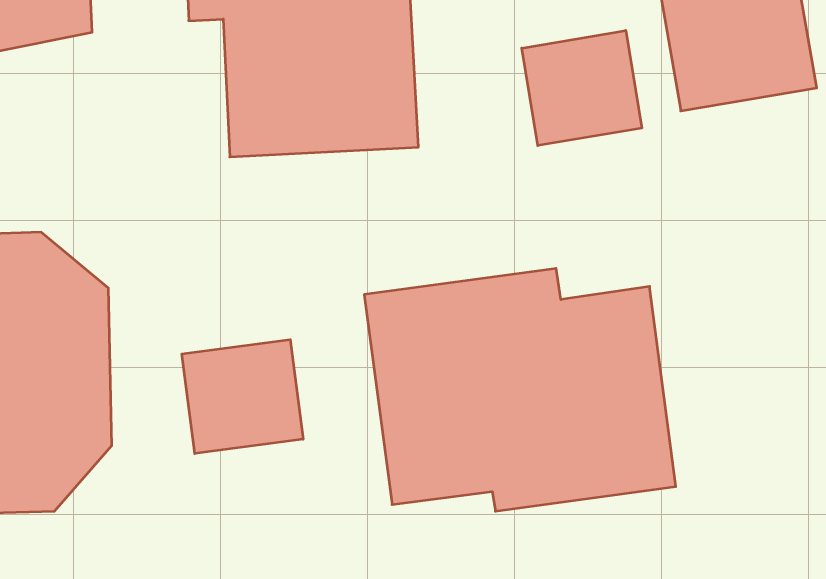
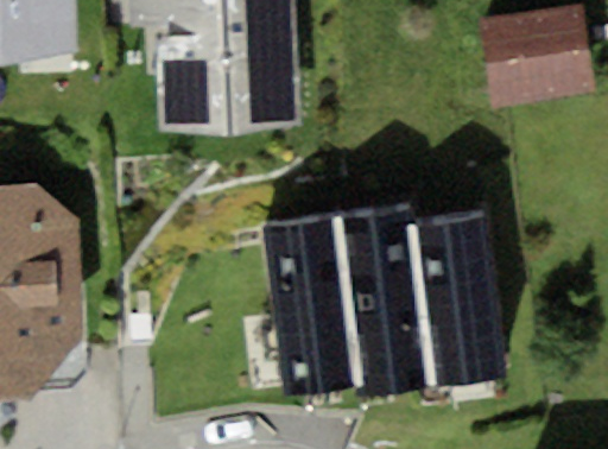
building: [522,30,642,146] -> none
building: [182,340,303,454] -> none

